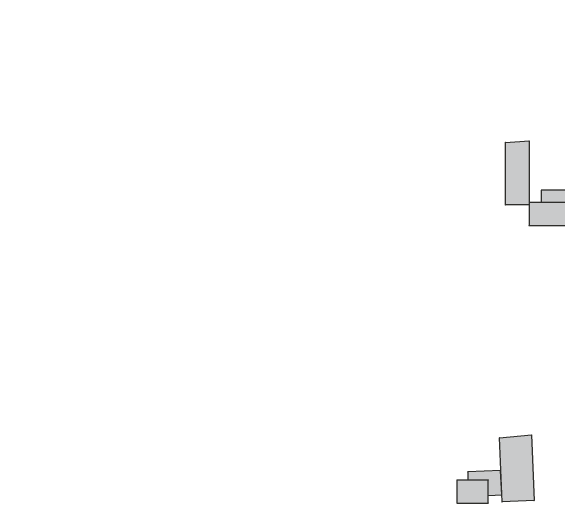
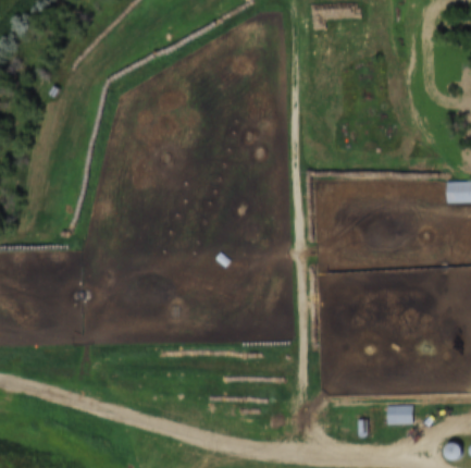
building: [505,141,529,205] -> none
building: [500,435,534,502] -> none

